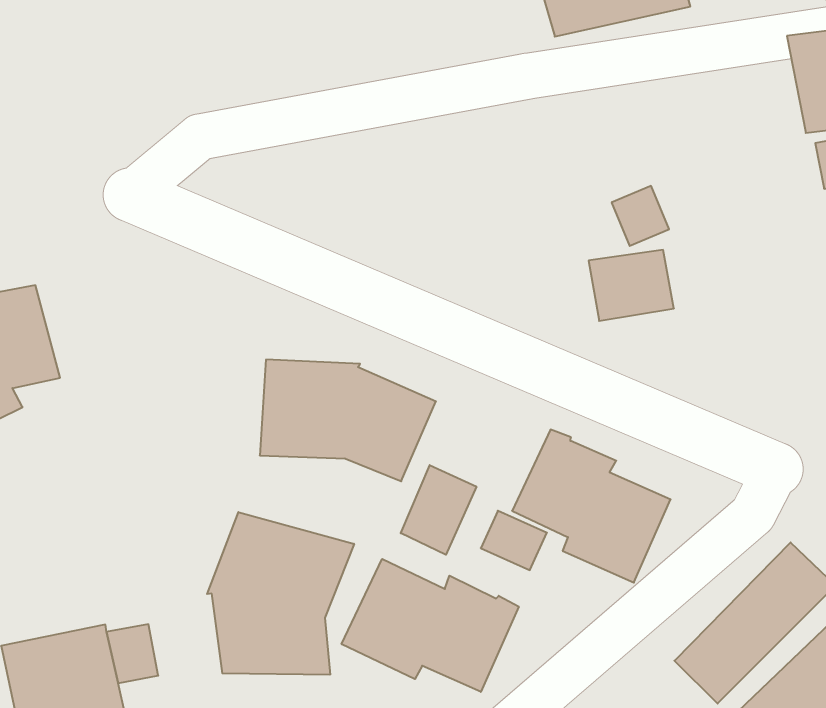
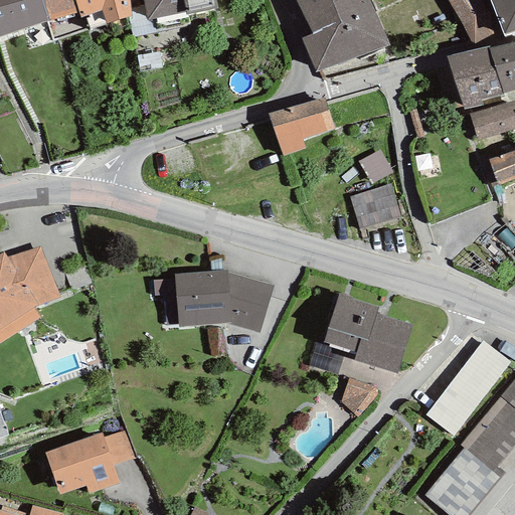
building: none -> [270,96,335,156]
building: [401,465,476,555] -> none
building: [207,512,354,675] -> none
building: [342,559,519,692] -> none
building: none -> [341,377,378,415]

